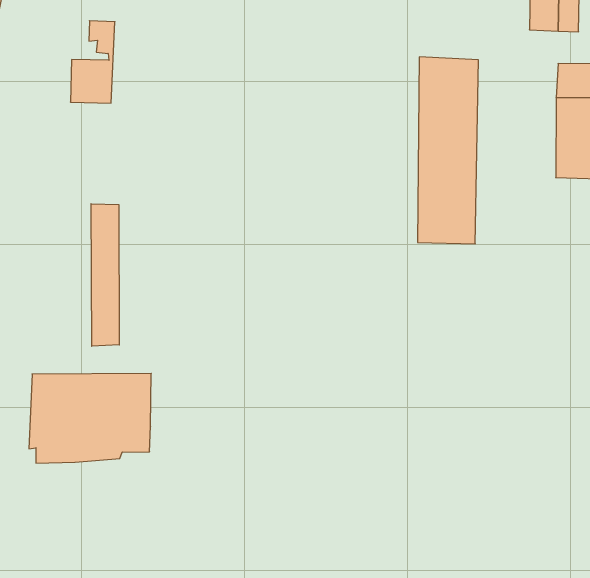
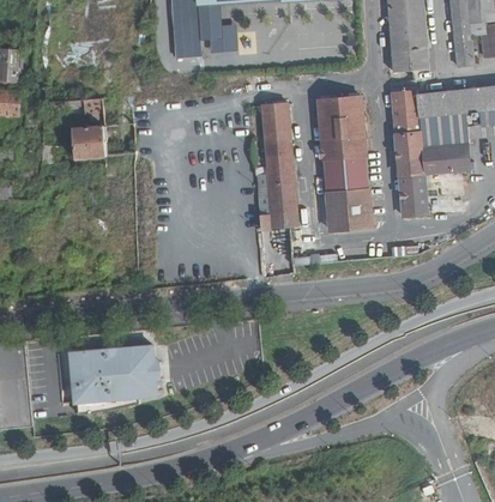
building: none -> [253,103,297,229]
building: none -> [391,92,427,217]
building: [91,204,119,346] -> none

